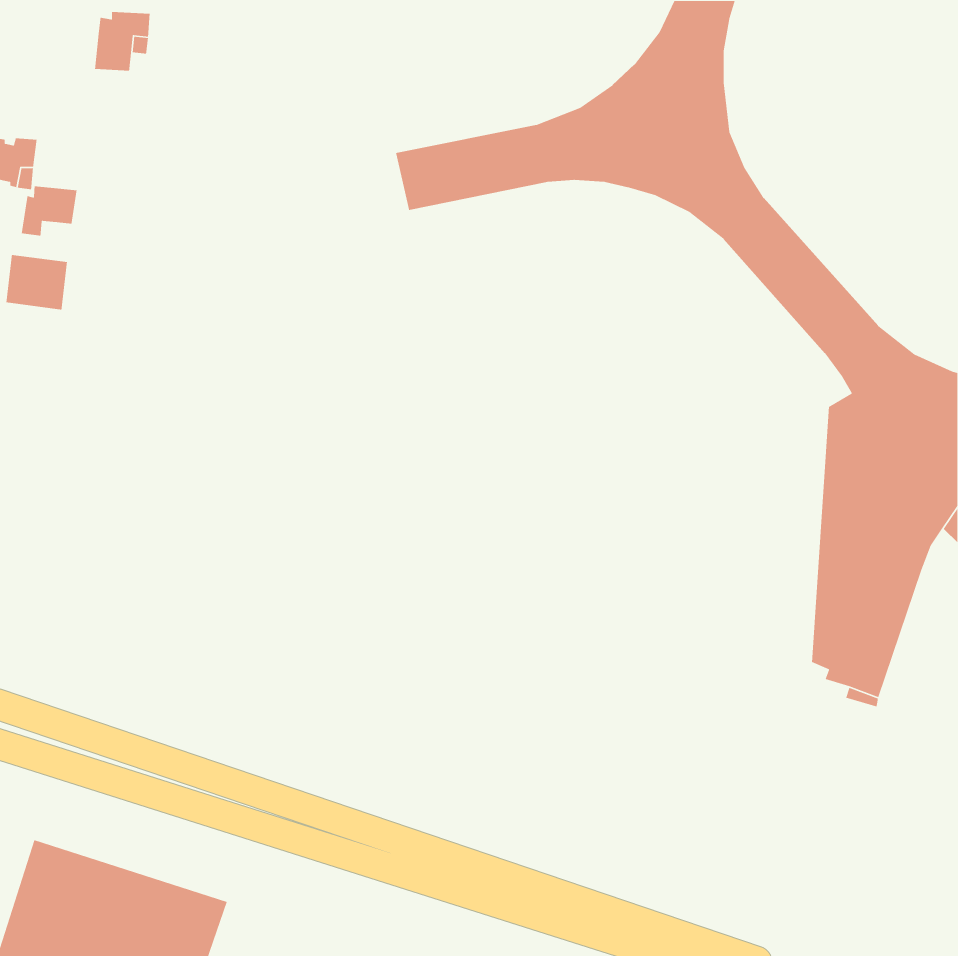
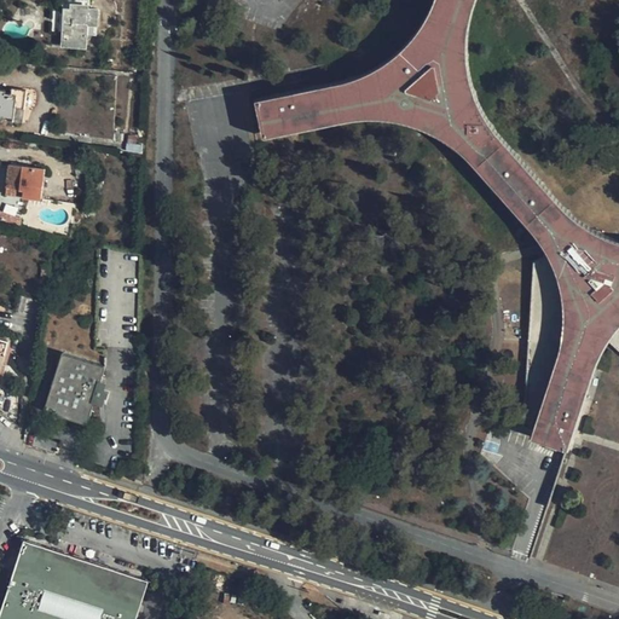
building: [21,185,78,236] -> none
building: none -> [42,355,102,426]

